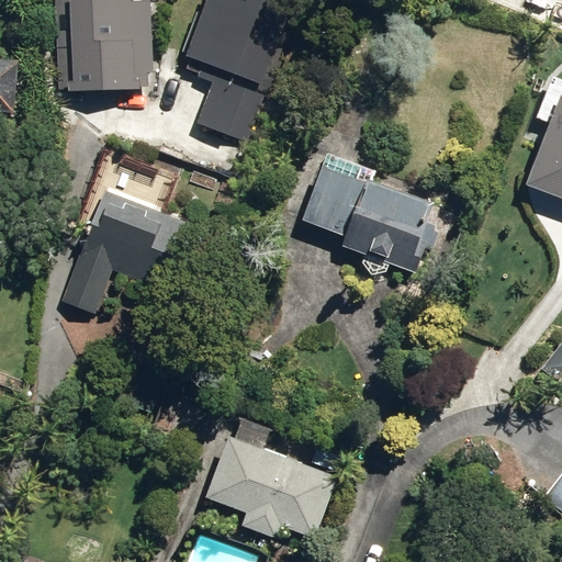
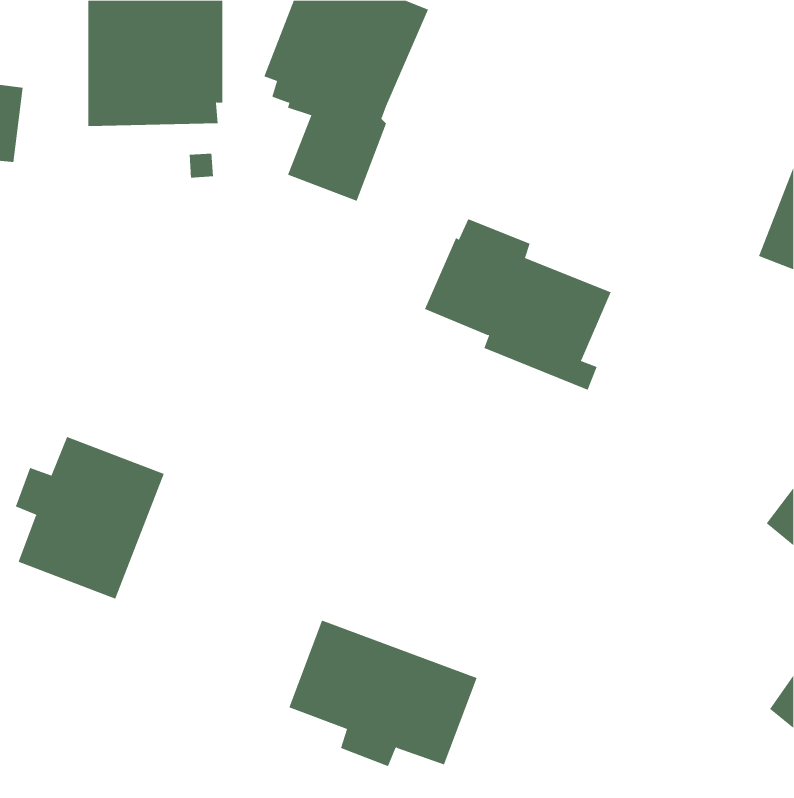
building: [60,191,206,313] -> none
building: none -> [15,436,164,599]

